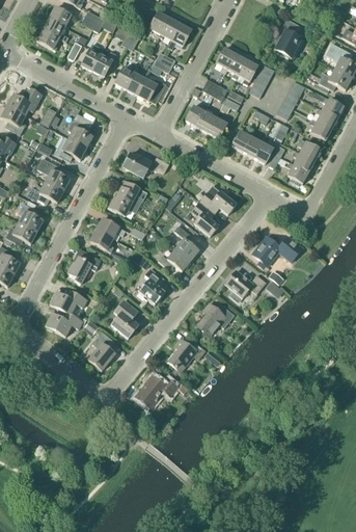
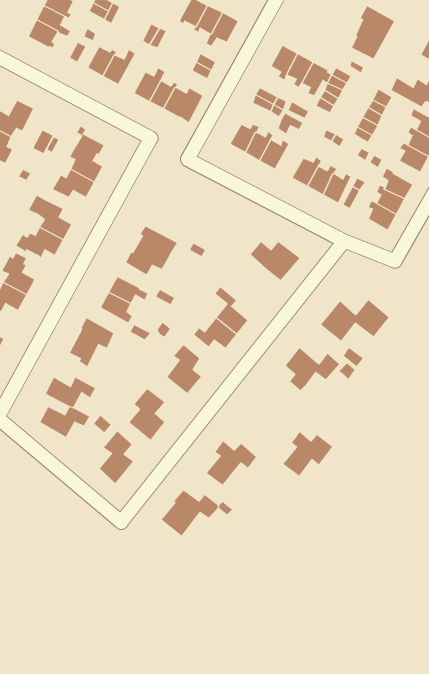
building: [124,153,169,177] -> none
building: [192,201,219,236] -> none
building: [197,302,235,336] -> [283,431,333,476]

